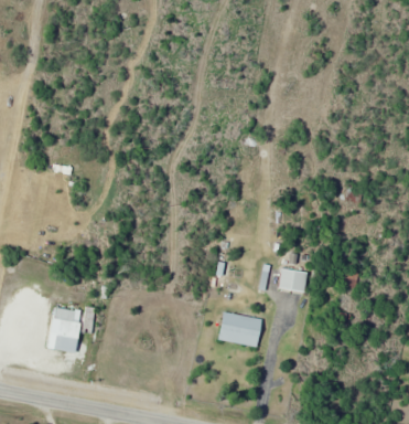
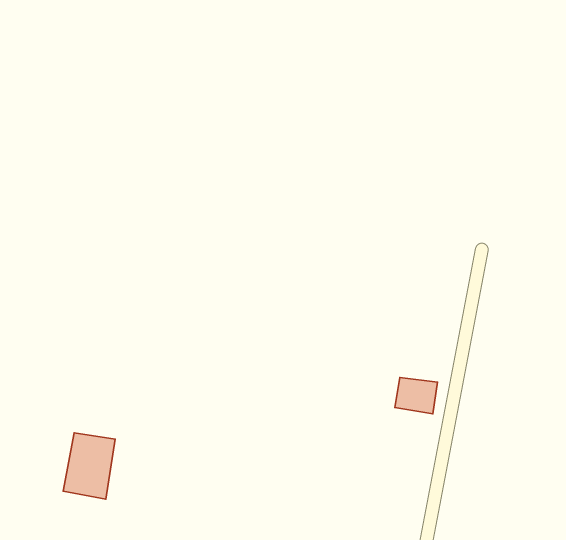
building: [207,311,252,347] -> none

